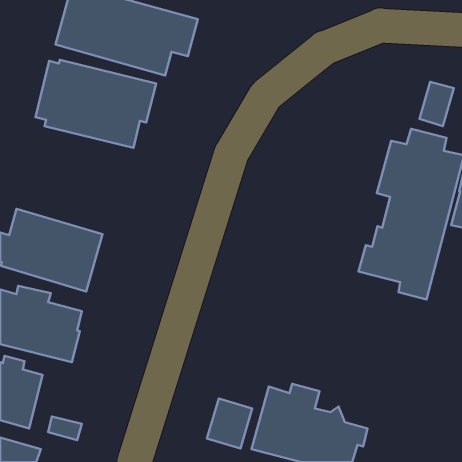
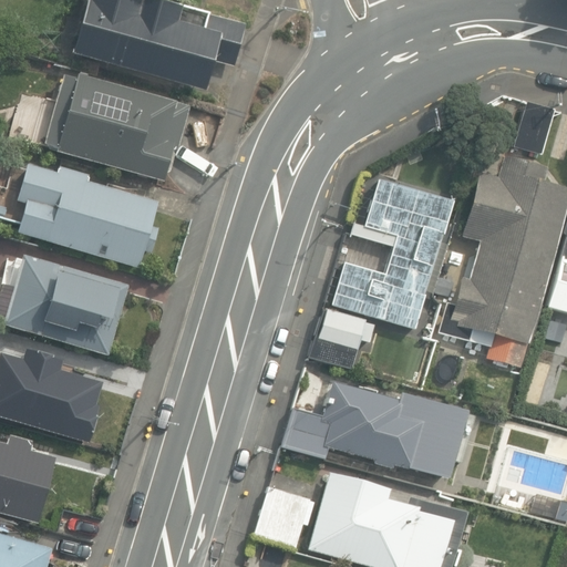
building: none -> [14,159,162,269]
building: none -> [333,182,452,327]
building: none -> [309,308,374,368]
building: none -> [282,382,466,478]

